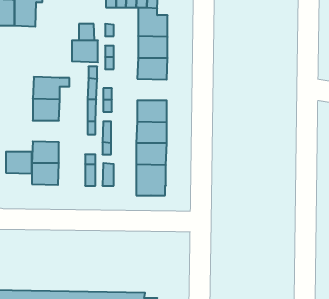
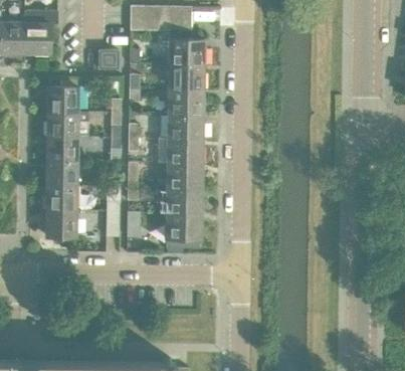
building: [72,40,98,62] -> [47,88,77,114]
building: none -> [167,115,201,140]
building: [6,152,32,174] -> [46,163,76,188]

